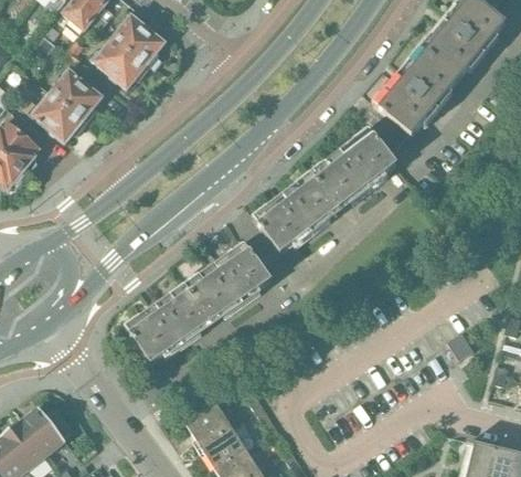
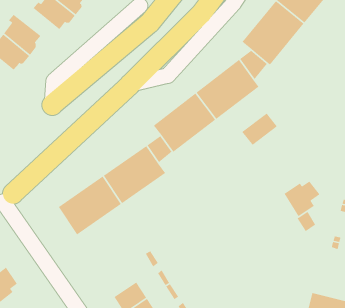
building: none -> [241,113,278,146]
building: none -> [284,181,320,217]
building: [185,405,231,448] -> none

